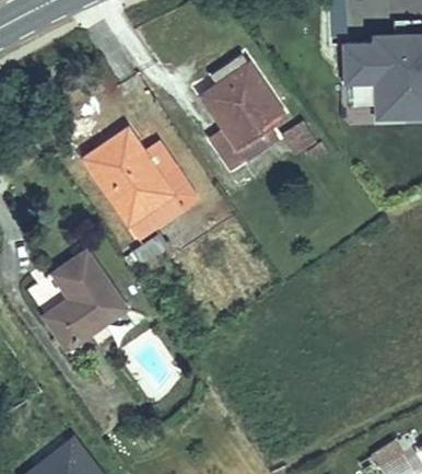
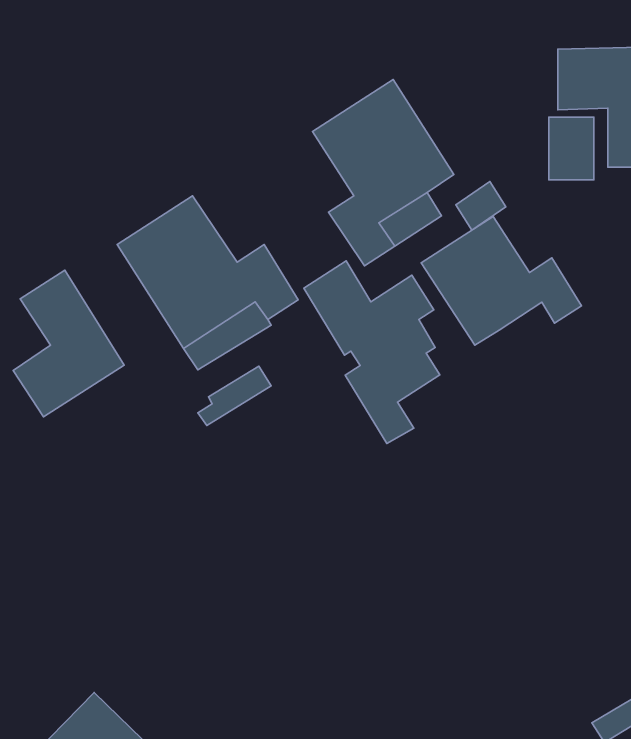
building: none -> [421,216,582,345]
building: none -> [304,261,440,444]
building: [49,251,117,340] -> [13,270,124,417]

